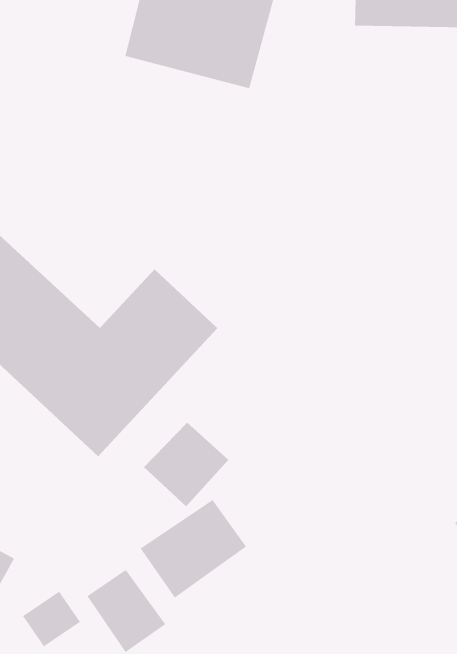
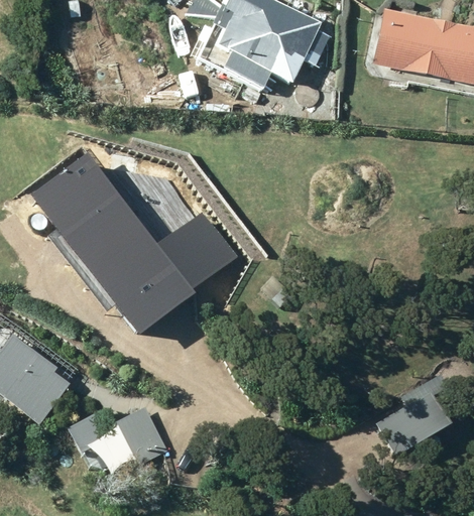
building: [143,422,229,507] -> none
building: [140,499,247,599] -> none

